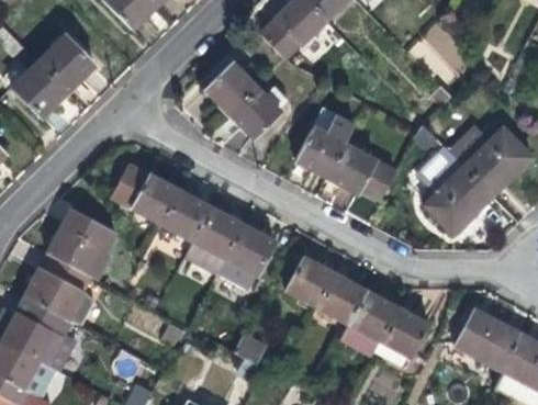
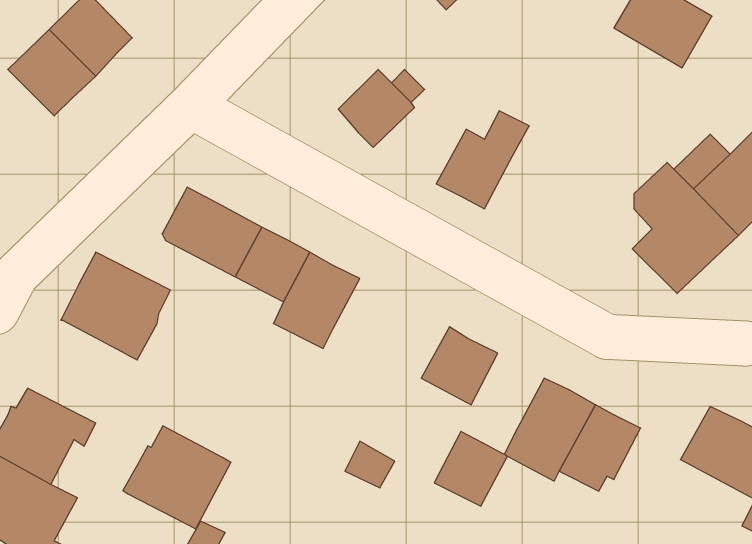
building: [205,63,256,113] -> none
building: [326,144,396,202] -> none
building: [226,225,274,274] -> none
building: [21,252,92,320] -> [123,426,231,529]
building: [317,274,366,324] -> [434,431,507,506]

